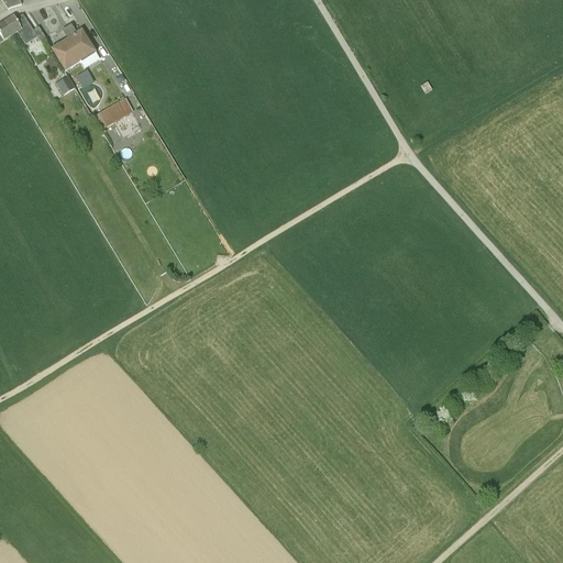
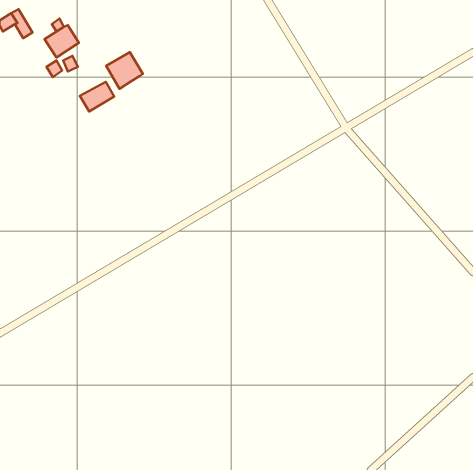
building: none -> [106,52,143,89]

